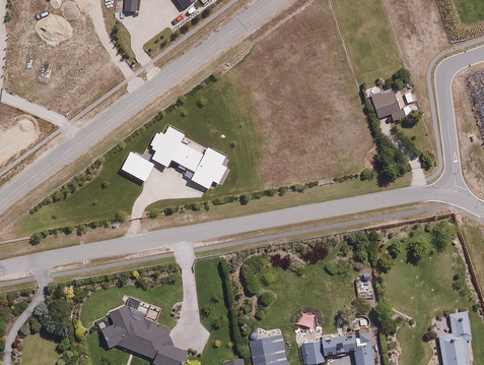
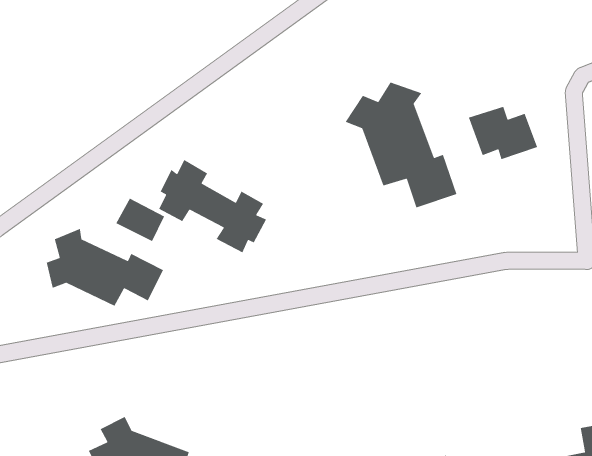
building: none -> [345,81,457,208]
building: none -> [46,228,164,307]

